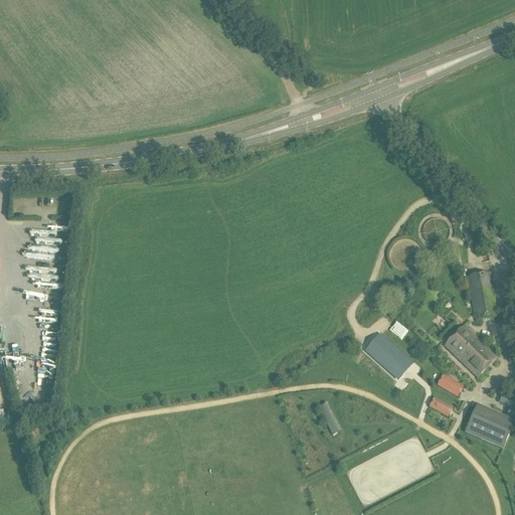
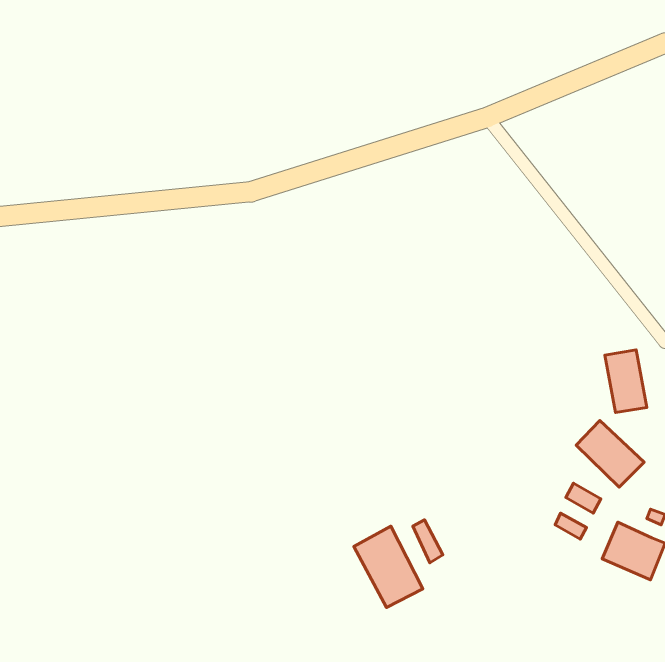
building: [364,332,411,379] -> none
building: none -> [354,526,423,608]

